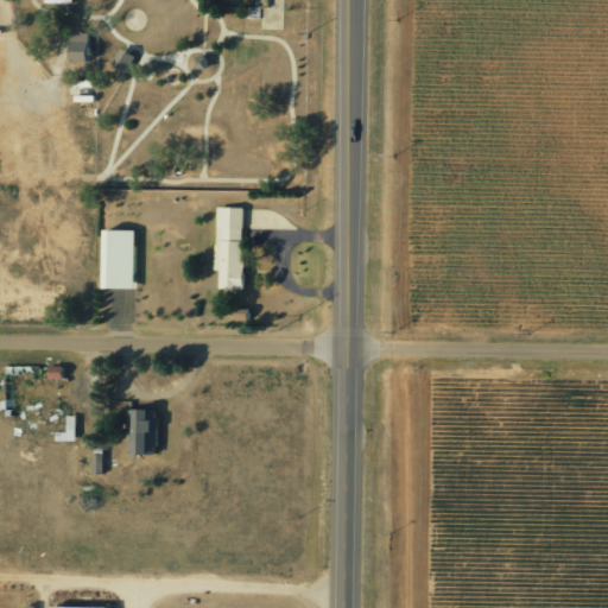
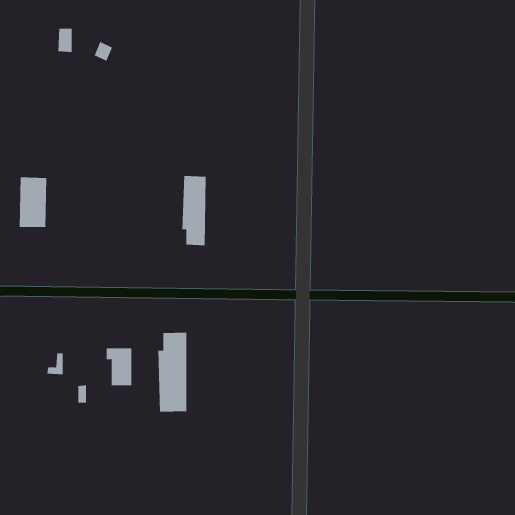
building: [101,229,134,289] -> [19,177,47,227]
building: none -> [158,332,187,413]

